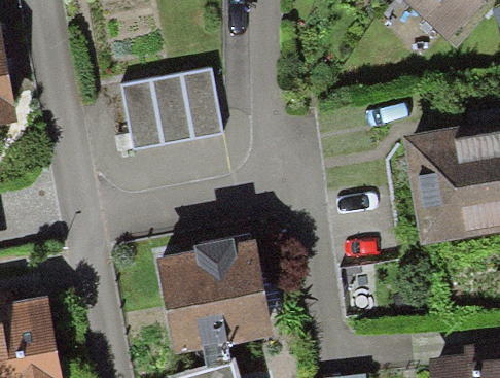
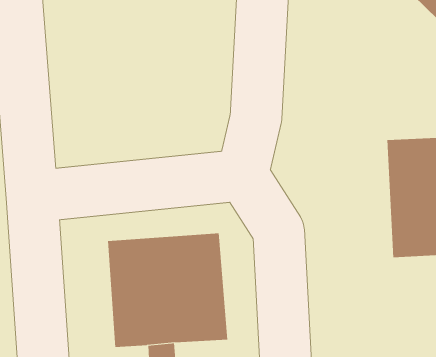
building: [121,69,221,148] -> none

